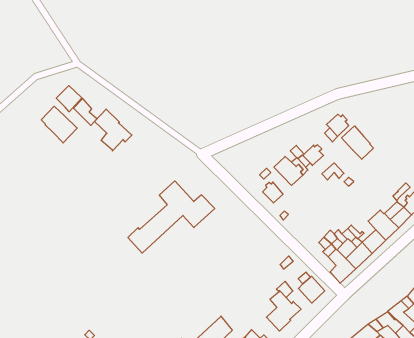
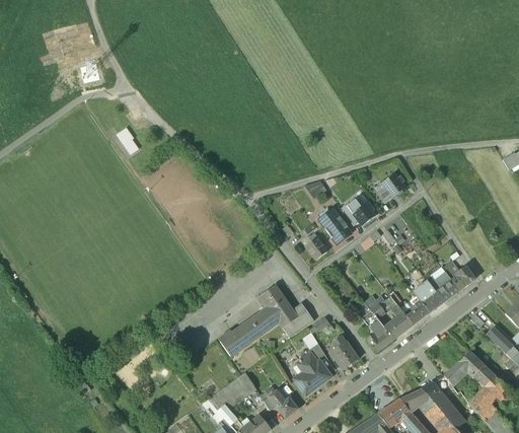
building: [56,86,82,112] -> none
building: [41,106,77,143] -> none
building: [94,109,132,151] -> none
building: [342,126,373,159] -> none
building: [128,181,215,253] -> [218,284,313,356]

